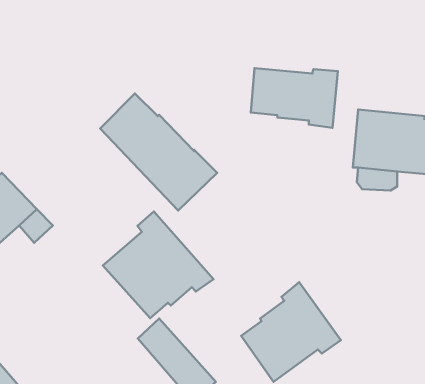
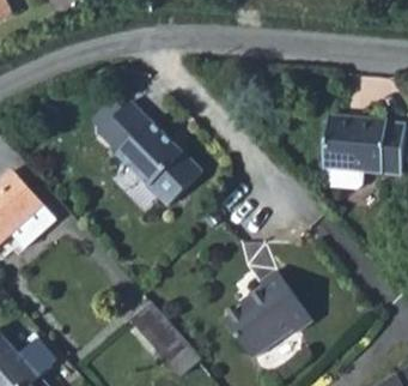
building: [251,68,338,128] -> none
building: [103,211,213,318] -> none

